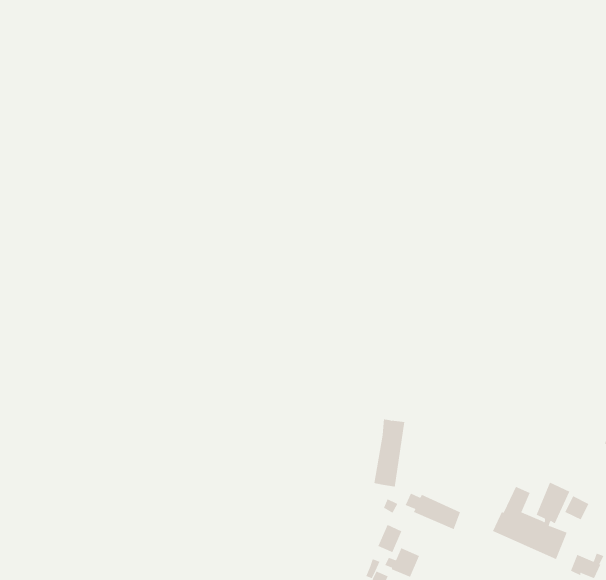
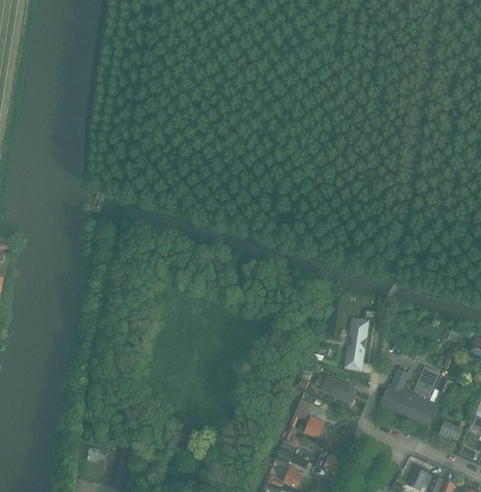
building: [374,419,405,487] -> [343,319,367,371]

